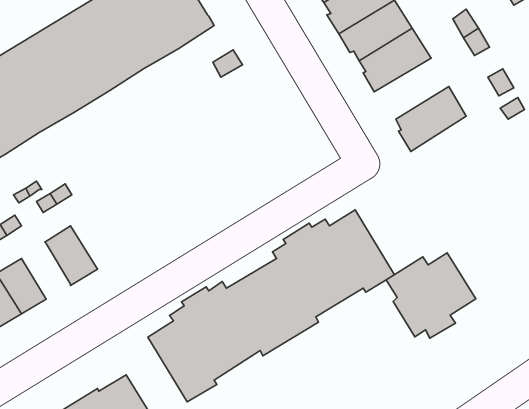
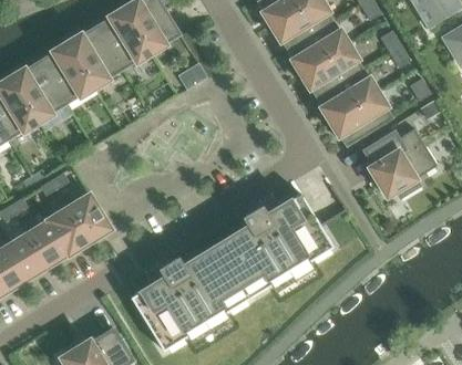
building: none -> [316,69,377,118]
building: none -> [68,194,111,241]
building: none -> [28,220,68,265]
building: [386,253,476,338] -> [363,127,437,197]

